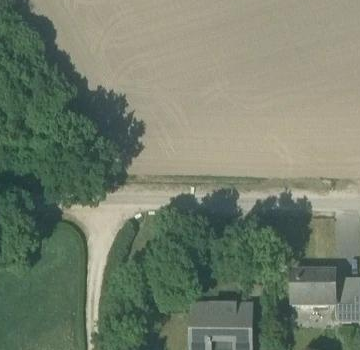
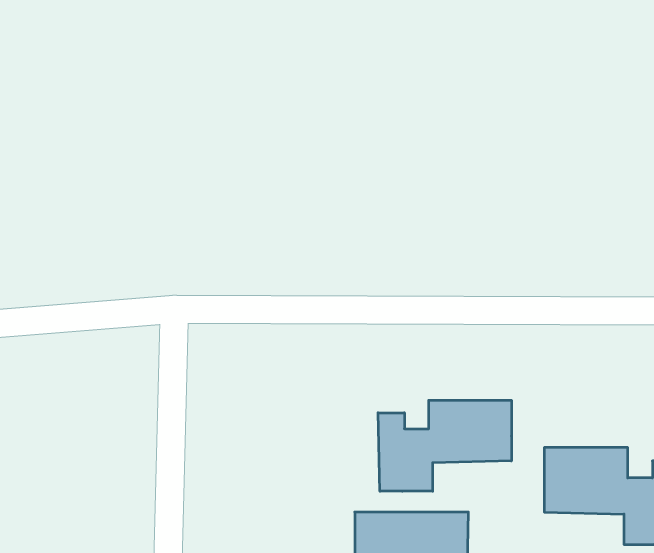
building: none -> [378,400,511,491]

